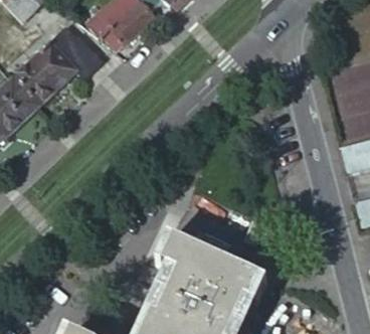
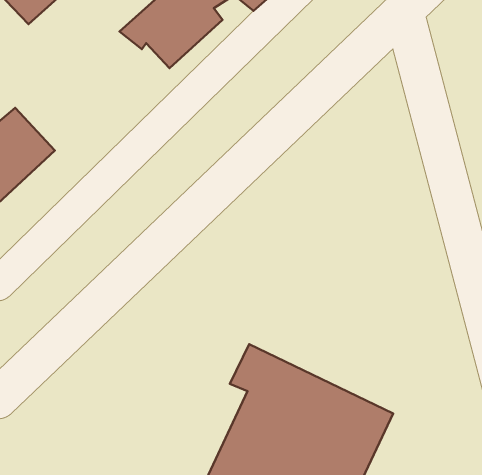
building: [12,24,105,105] -> none

